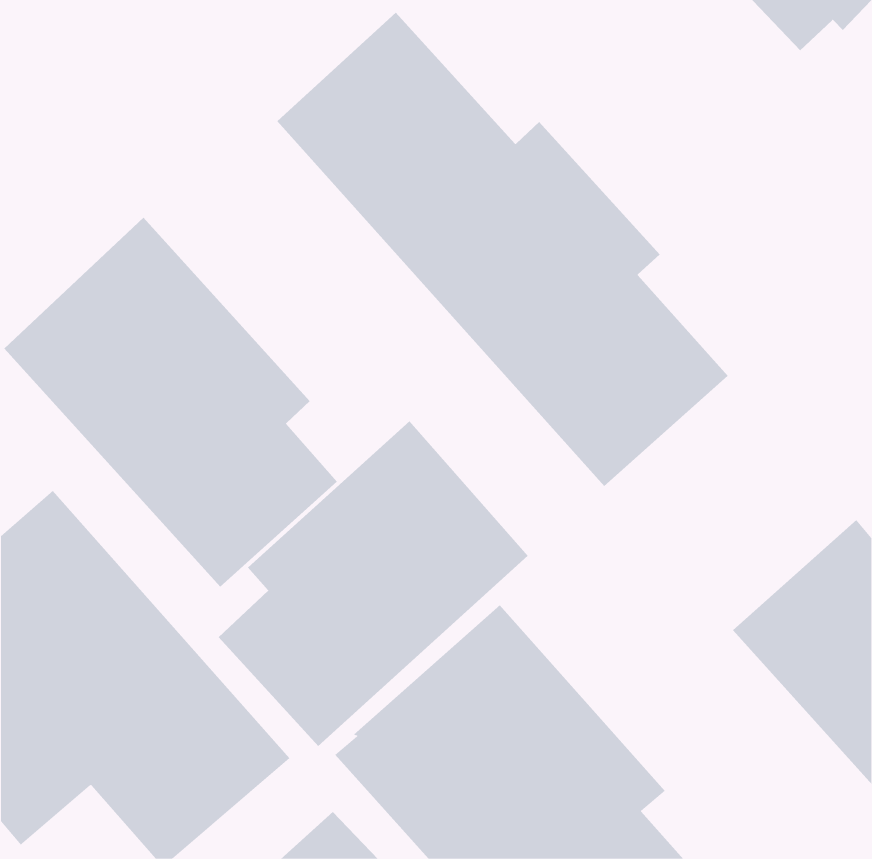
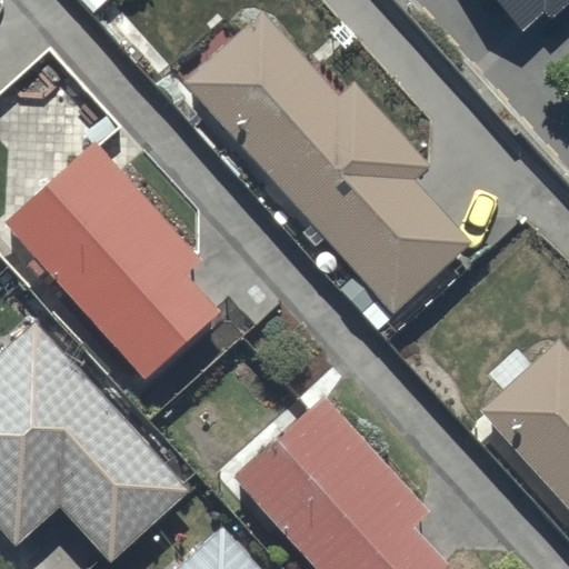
building: [218,420,528,747] -> none

